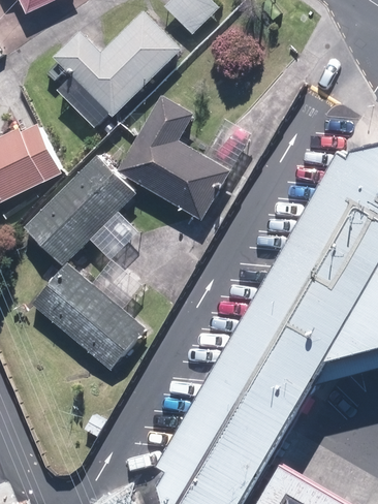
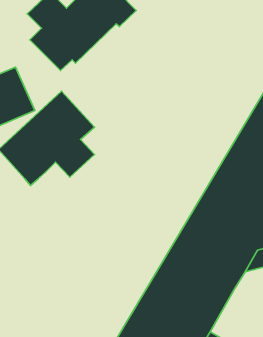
building: [115,95,228,220] -> none
building: [24,261,146,373] -> none

